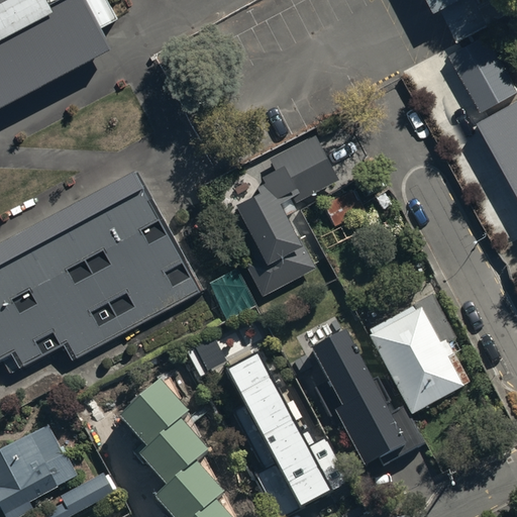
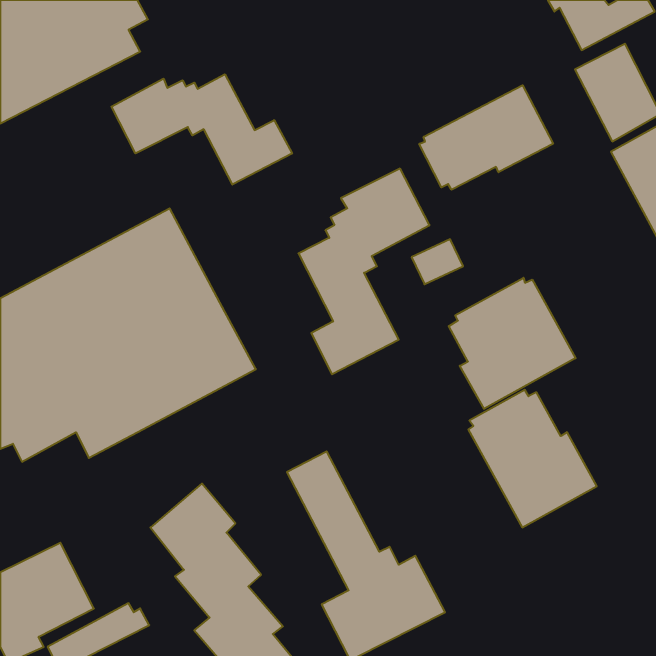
building: none -> [111,74,292,185]
building: none -> [419,85,553,190]
building: none -> [449,278,576,409]
building: [310,330,422,468] -> none

